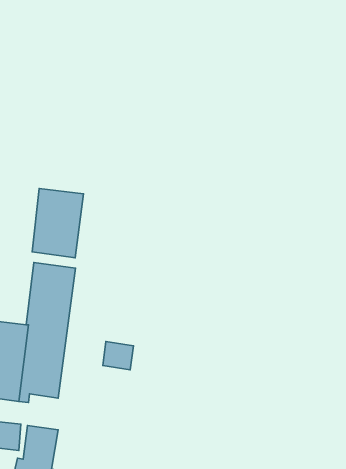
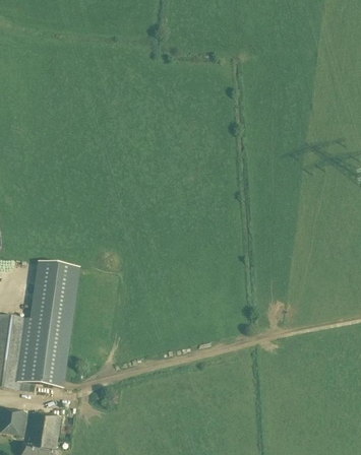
building: [32,188,84,258] -> none
building: [103,341,133,370] -> none

